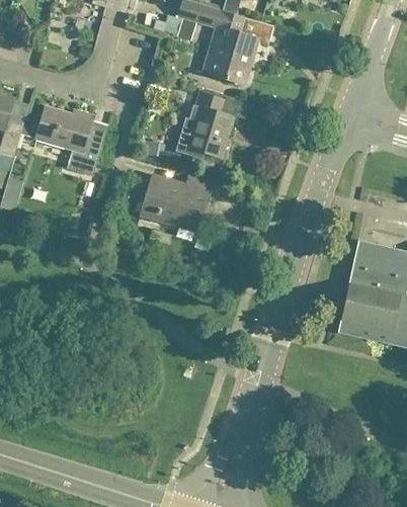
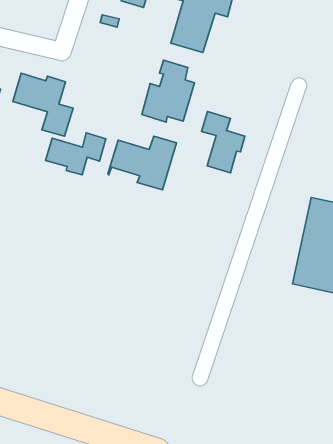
building: none -> [202,112,245,173]
building: none -> [46,133,106,175]

